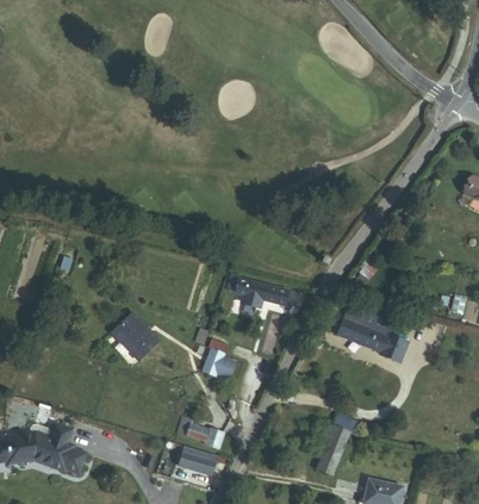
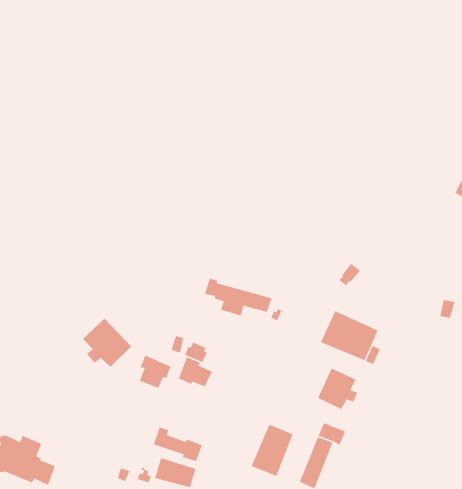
building: none -> [139,355,171,389]
building: none -> [317,368,358,410]
building: none -> [251,424,294,477]

